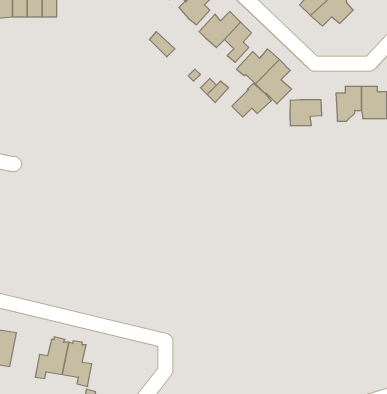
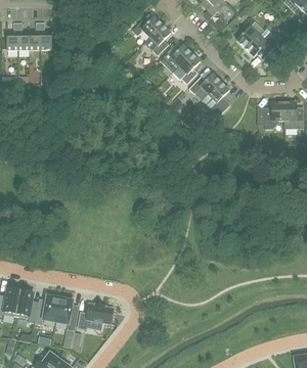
building: [232,83,271,117] -> none
building: [290,100,321,126] -> none
building: none -> [14,290,36,322]
building: none -> [77,304,112,329]

